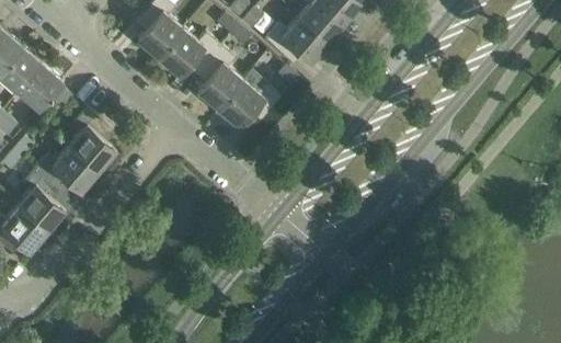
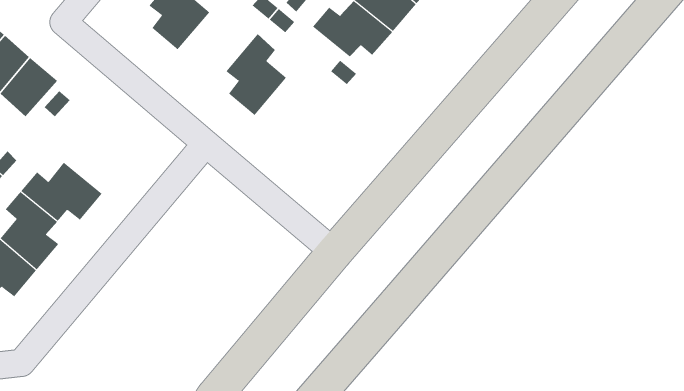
building: [158,30,220,77] -> none
building: [218,71,280,128] -> none
building: [68,110,116,172] -> none

